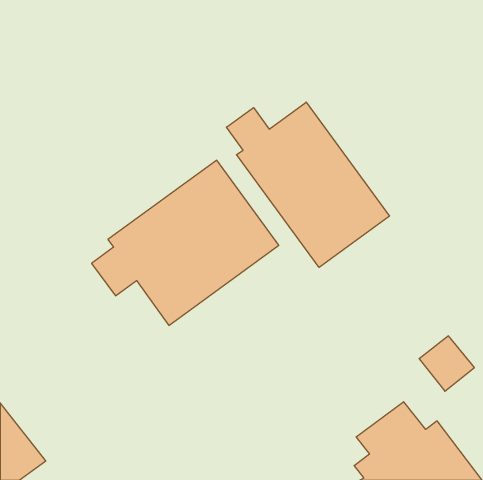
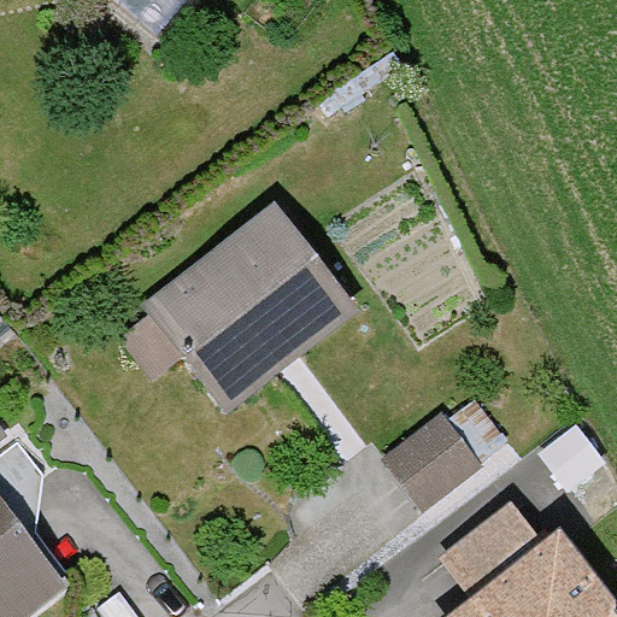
building: [226,102,389,267] -> none
building: none -> [380,413,481,515]

